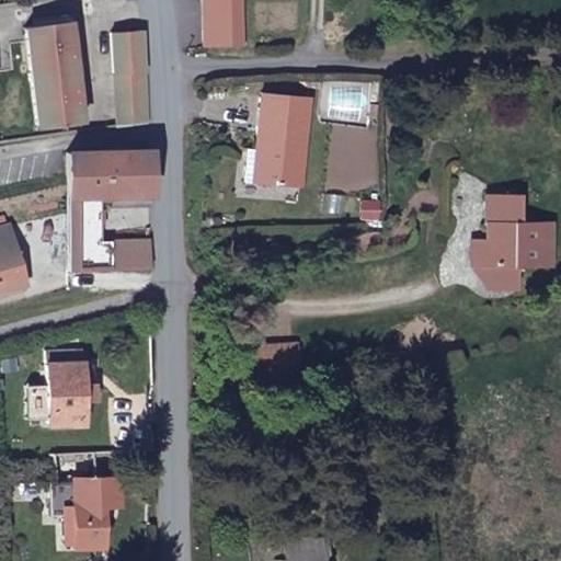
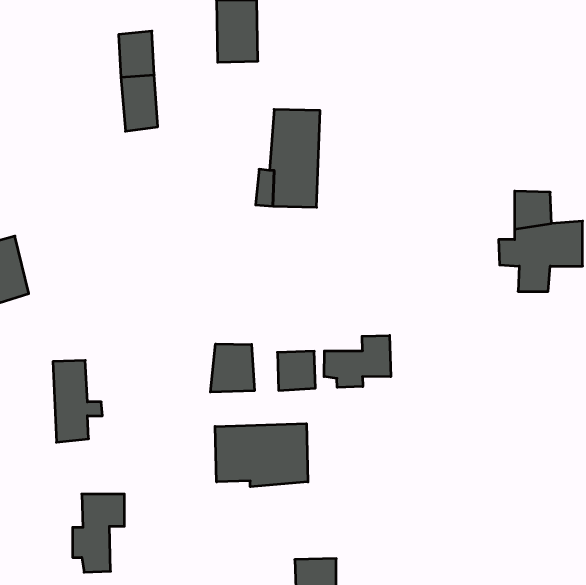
building: [26,20,83,131] -> none
building: [68,150,151,272] -> none
building: none -> [324,335,391,387]
building: none -> [210,344,254,392]
building: none -> [215,424,308,487]

